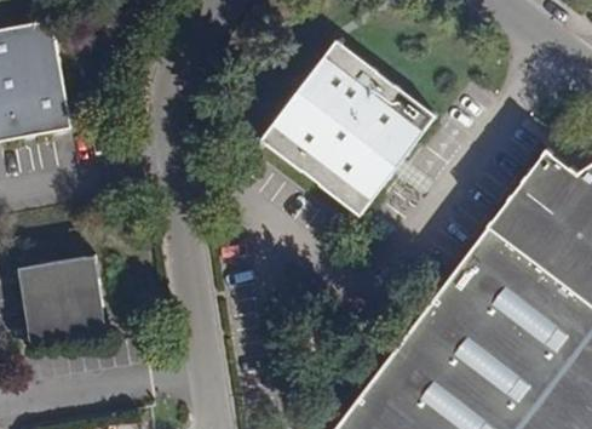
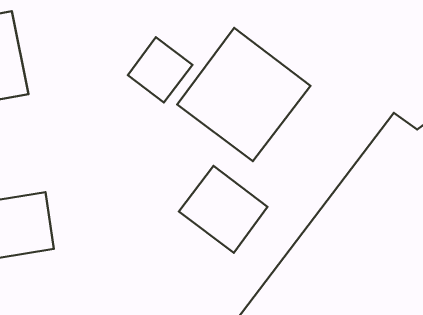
building: none -> [128,37,193,103]
building: none -> [179,166,268,253]

